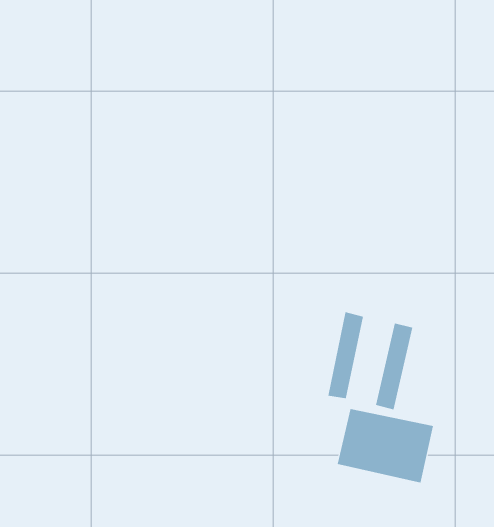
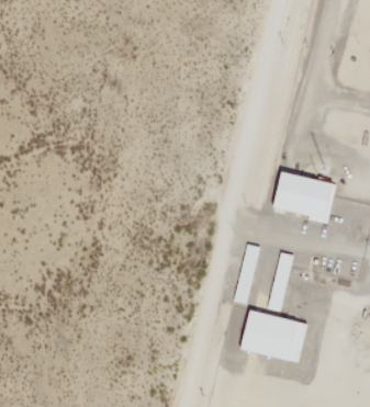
building: none -> [273,171,335,221]

